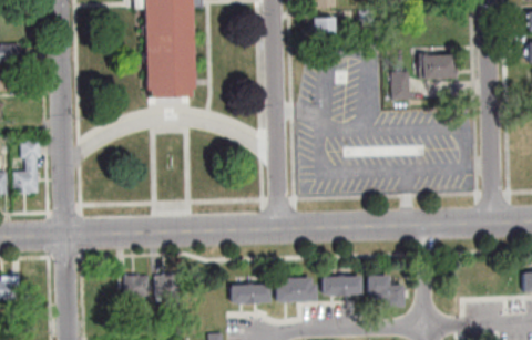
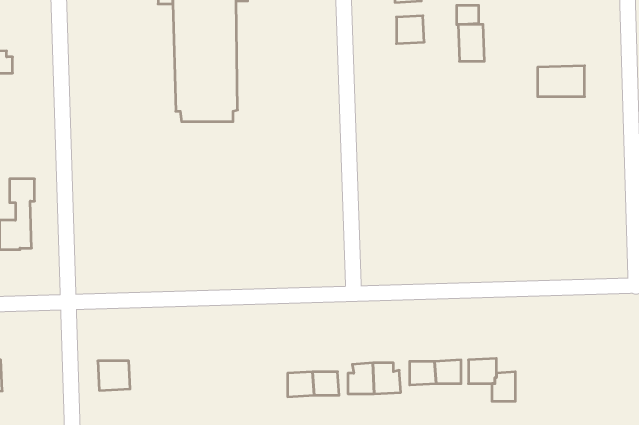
building: [392,72,412,100] -> [458,24,484,61]
building: [126,276,151,298] -> [98,361,130,390]
building: [157,276,182,306] -> none

